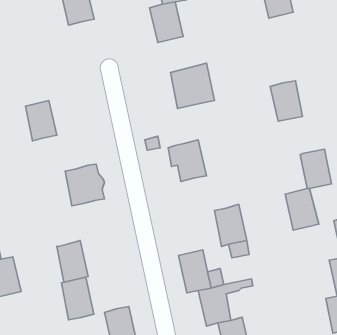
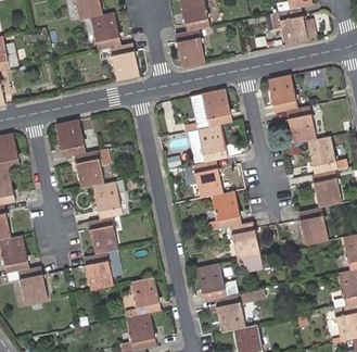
building: none -> [109,41,137,79]
building: none -> [266,71,296,109]
building: none -> [188,122,228,162]
building: none -> [308,130,337,169]
building: none -> [74,148,110,188]
building: none -> [214,188,243,225]
building: none -> [88,216,117,254]
building: [61,277,94,320] -> [133,275,164,315]

